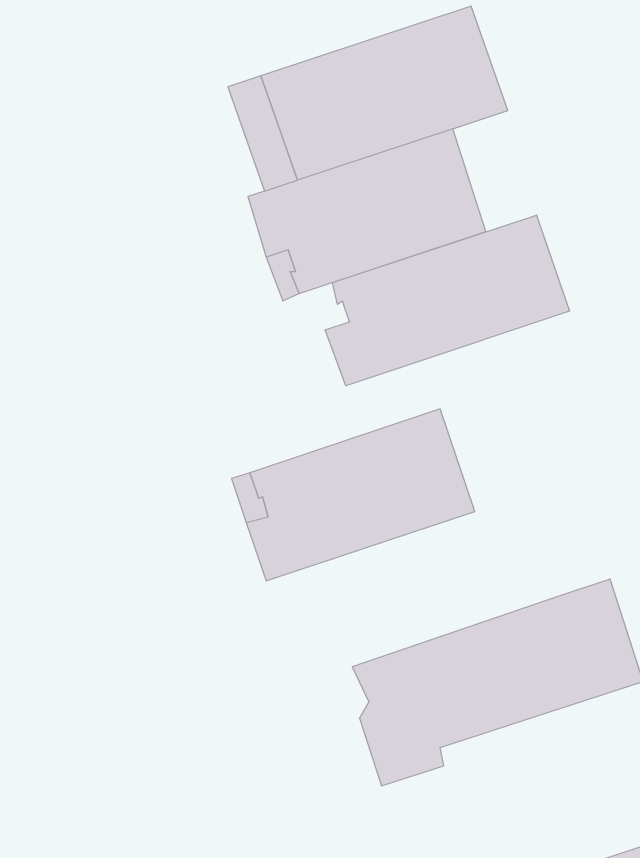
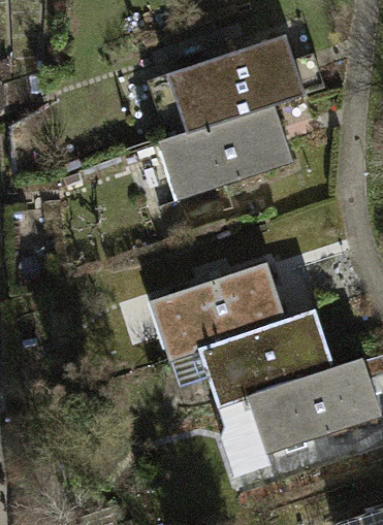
building: [325,215,570,386] -> none
building: none -> [168,309,334,407]

